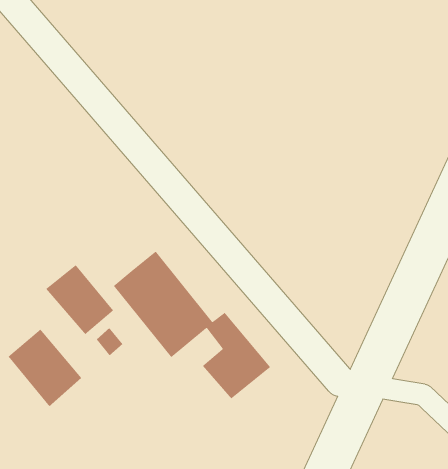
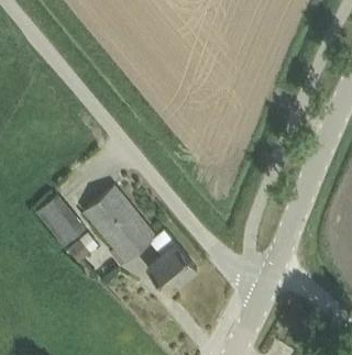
building: [8,329,82,407] -> none

